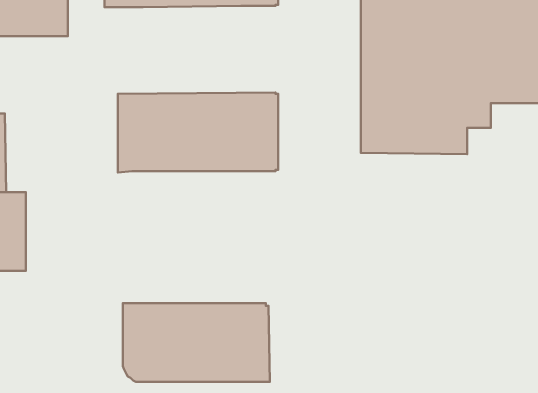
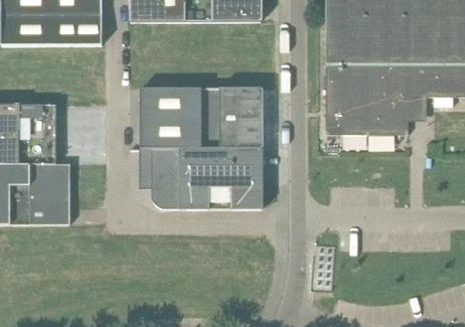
building: [123,303,270,382] -> [151,147,264,207]

